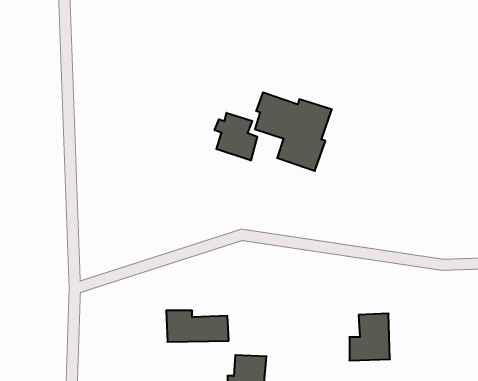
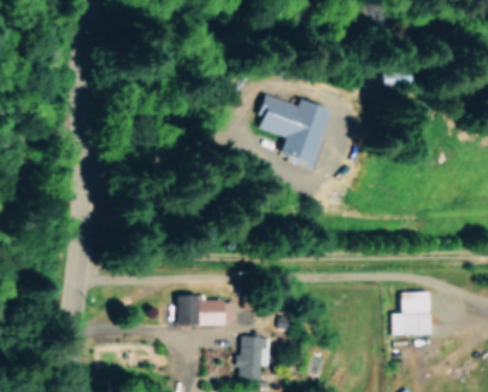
building: [215,113,257,161] -> none
building: [349,314,390,361] -> [393,292,430,335]

